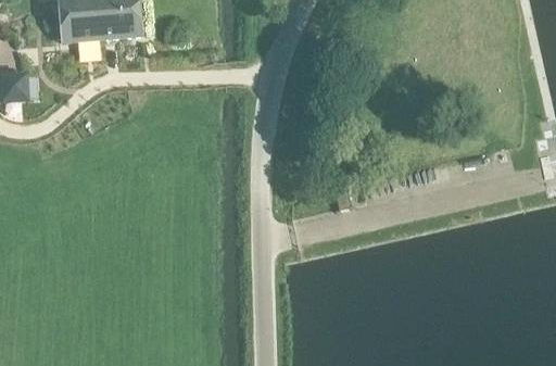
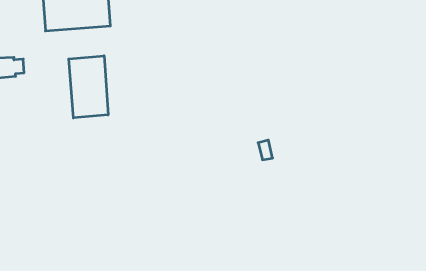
building: none -> [69,56,108,118]

